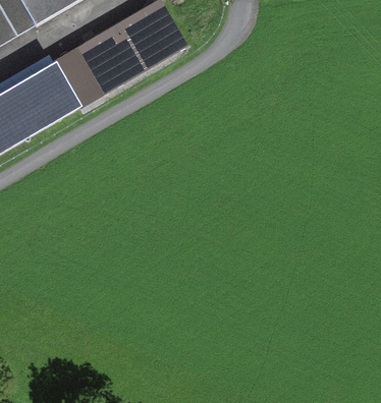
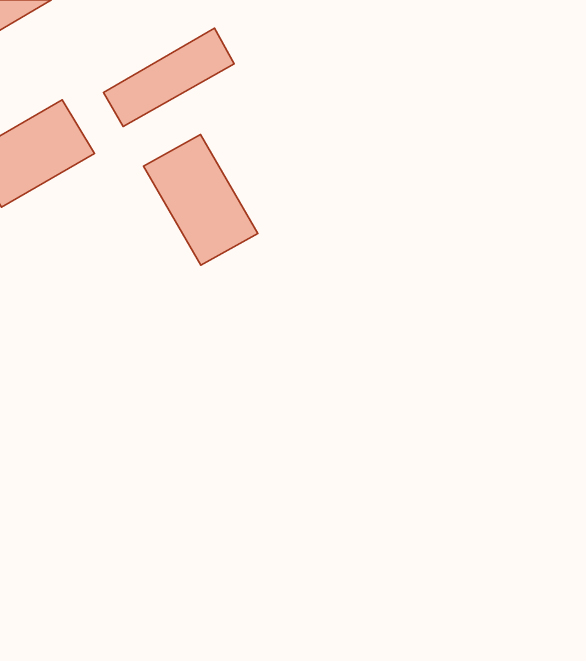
building: none -> [144,135,258,265]

